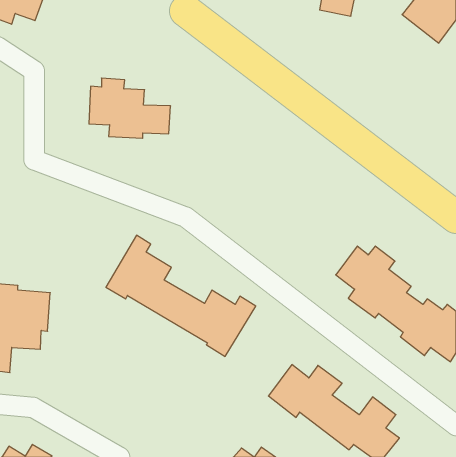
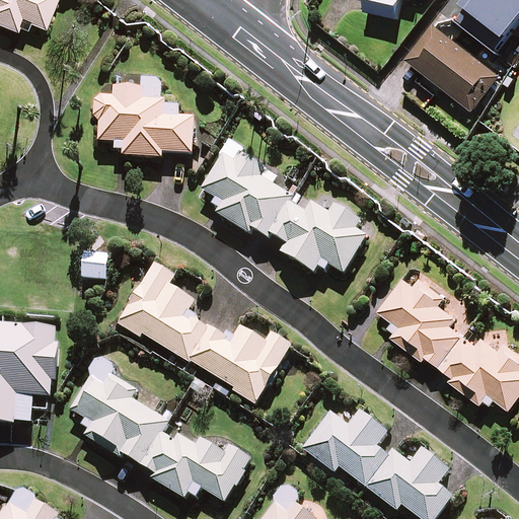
building: none -> [407,25,500,110]
building: none -> [204,151,364,272]
building: none -> [74,378,249,499]

